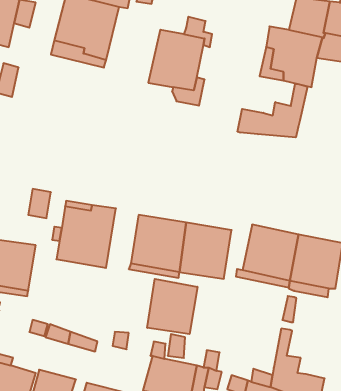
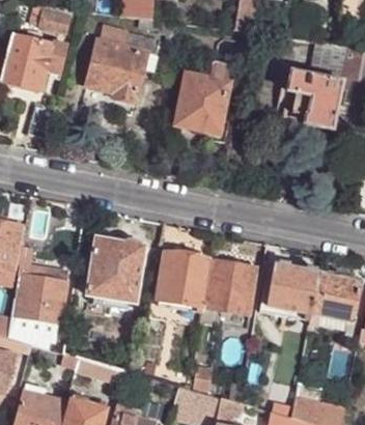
building: [238,84,307,137] -> none
building: [147,279,197,334] -> none

